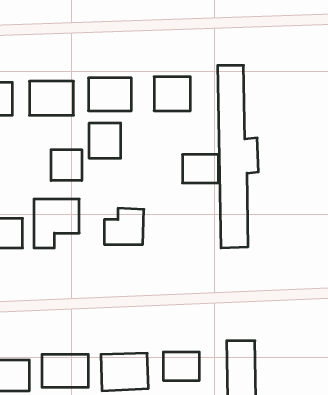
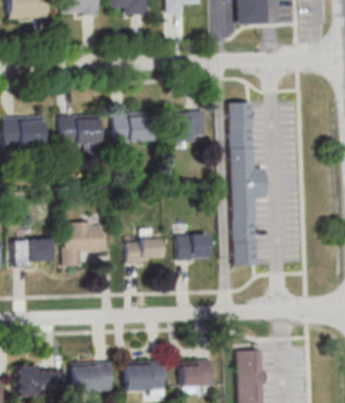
building: [89,123,121,158] -> none
building: [51,150,82,181] -> none
building: [182,155,219,183] -> [177,235,210,261]

